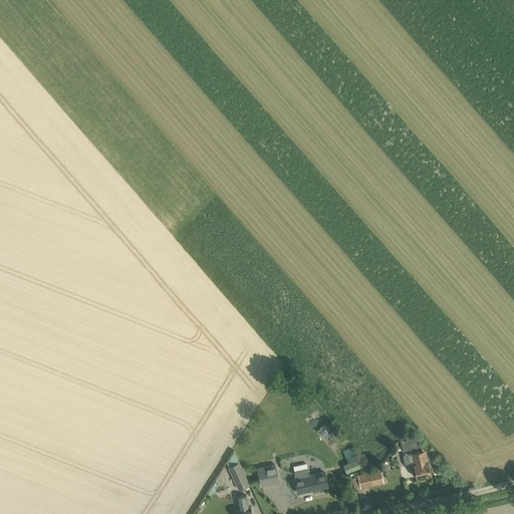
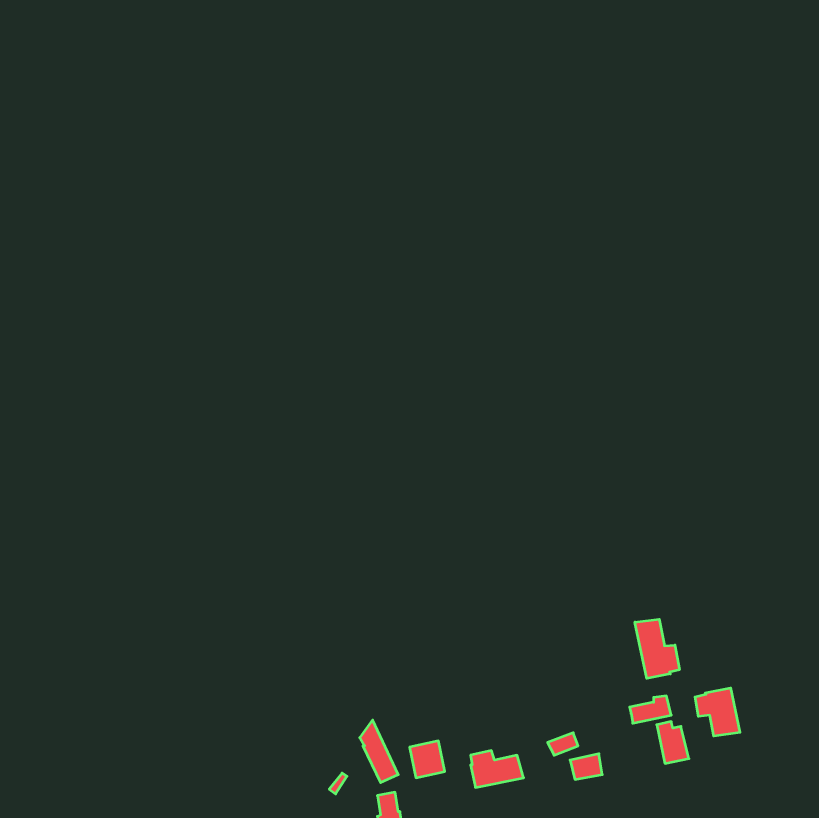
building: none -> [635,619,679,678]
building: none -> [695,688,740,736]

